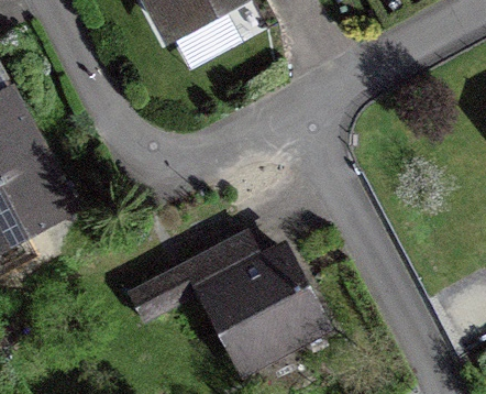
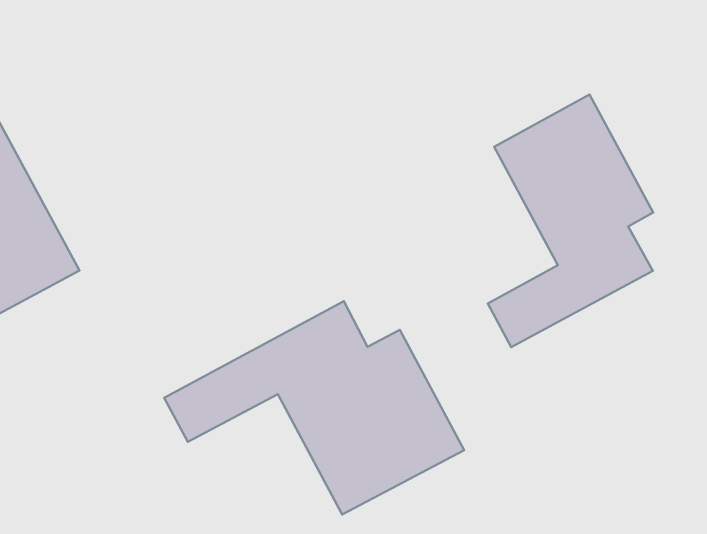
building: none -> [488,94,653,347]

